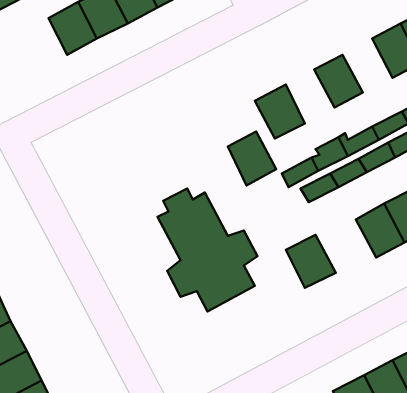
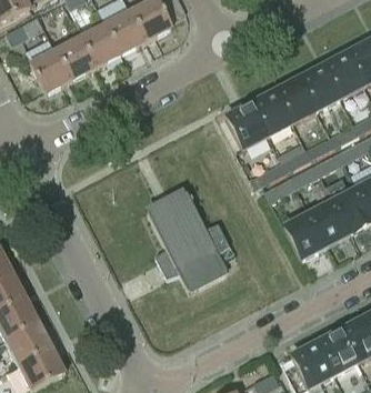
building: none -> [31,49,72,92]
building: none -> [299,66,340,110]
building: [228,131,276,186] -> [252,91,292,135]
building: [286,235,336,288] -> [285,214,327,258]

